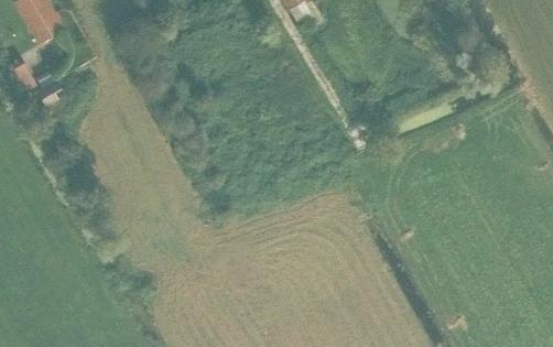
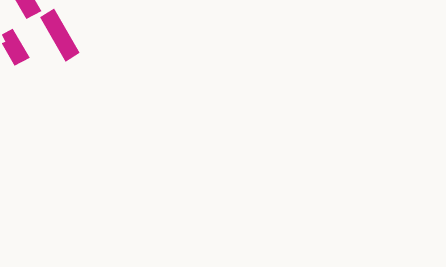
building: none -> [39,7,81,63]

